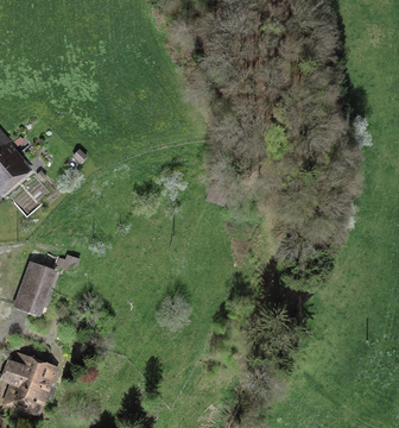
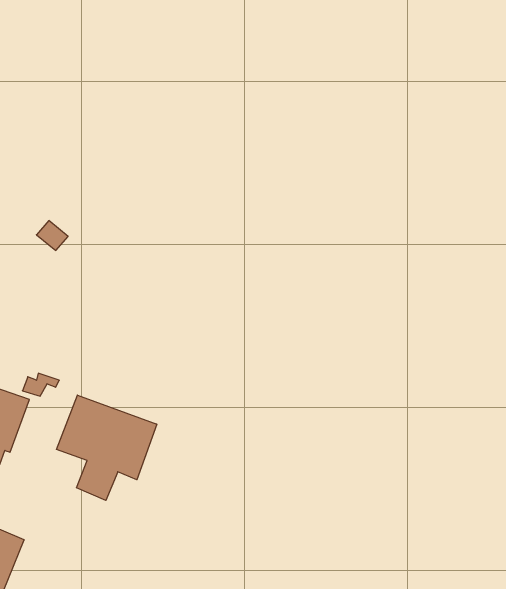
building: none -> [56,395,157,500]

